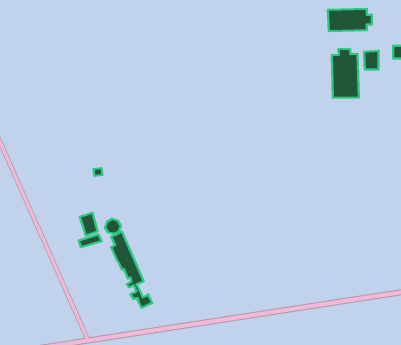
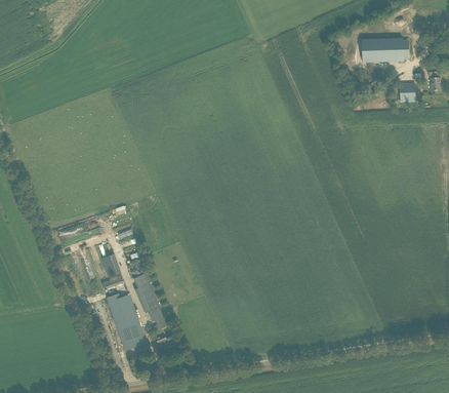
building: [332,49,359,98] -> none
building: none -> [107,292,147,350]

